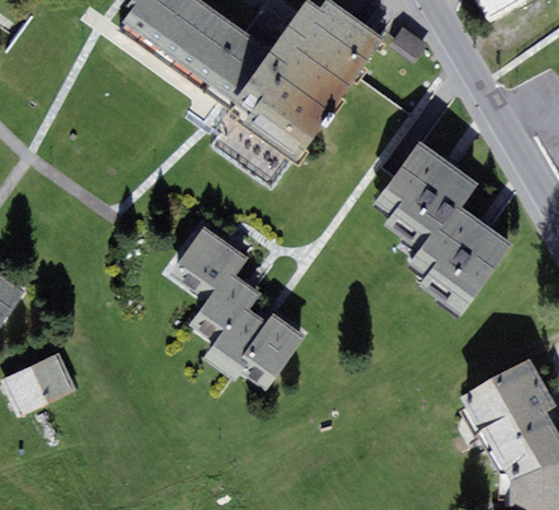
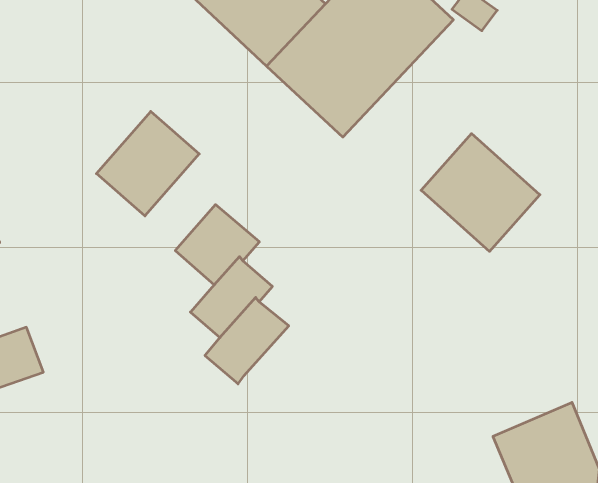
building: none -> [96,111,199,216]
building: [418,205,520,310] -> none
building: [241,312,307,389] -> none

